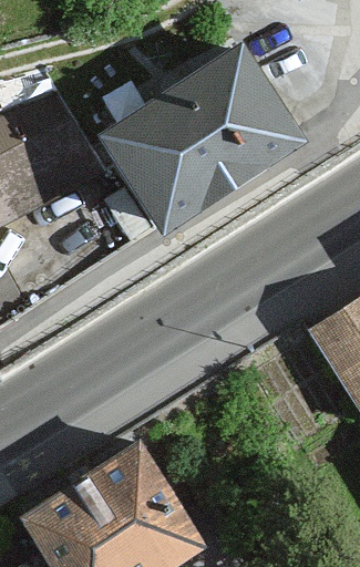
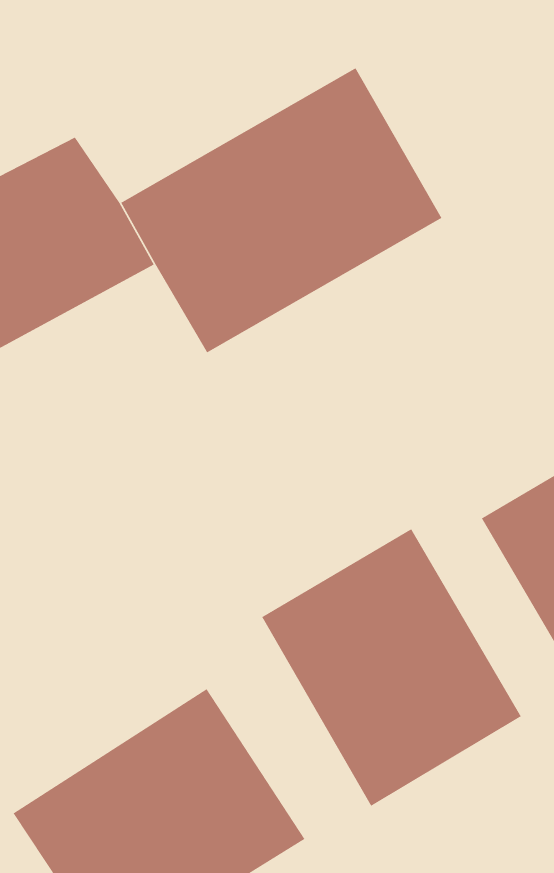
building: none -> [261,528,522,807]

